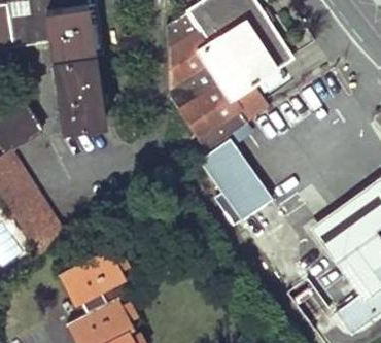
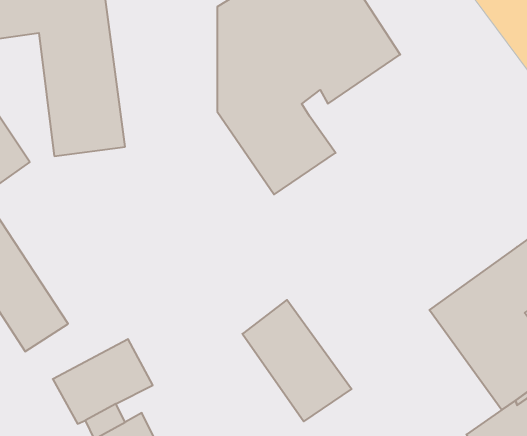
building: [226,80,271,123] -> none
building: [200,138,273,219] -> [242,300,352,421]

